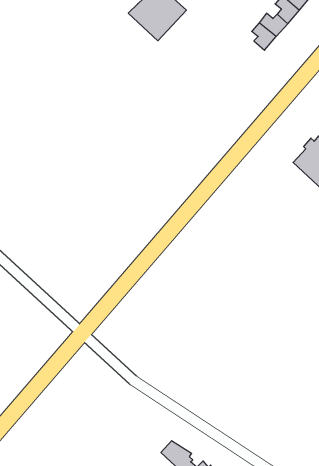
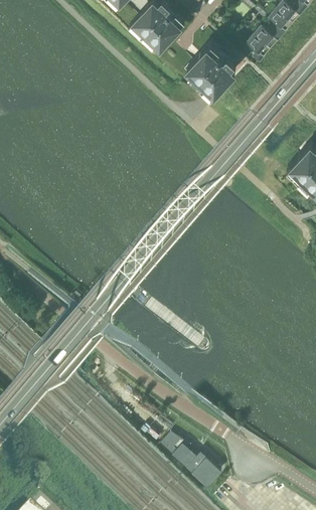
building: none -> [184,42,235,99]

